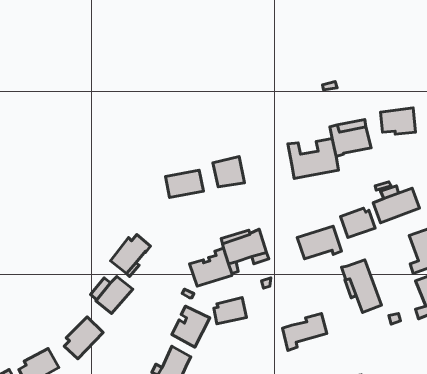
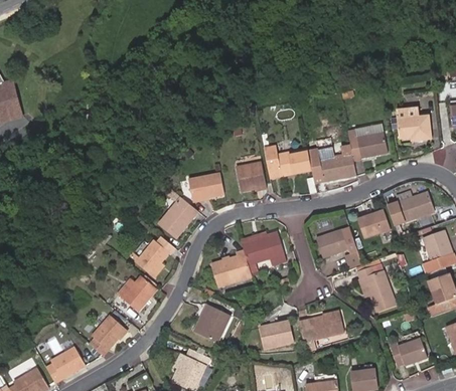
building: none -> [261,147,309,177]
building: none -> [157,199,196,240]
building: [214,298,247,324] -> [262,322,293,347]
building: none -> [389,337,427,364]

